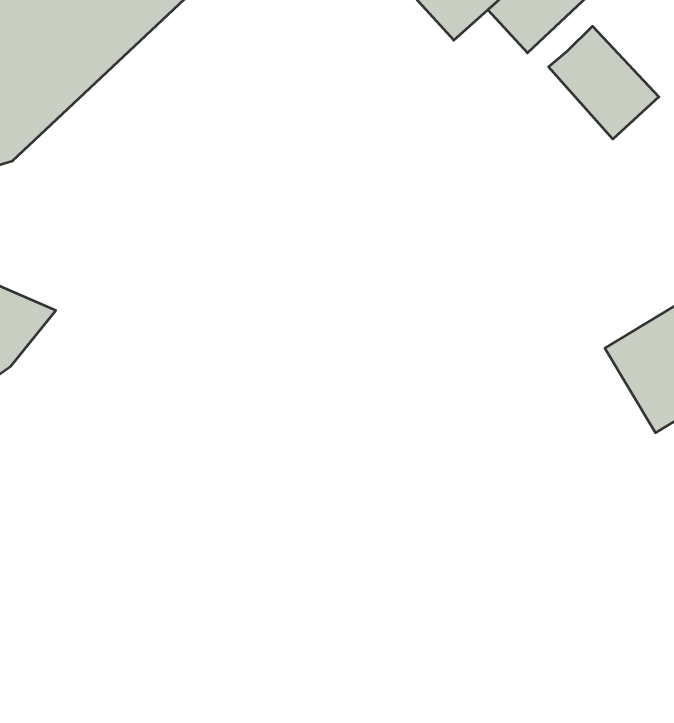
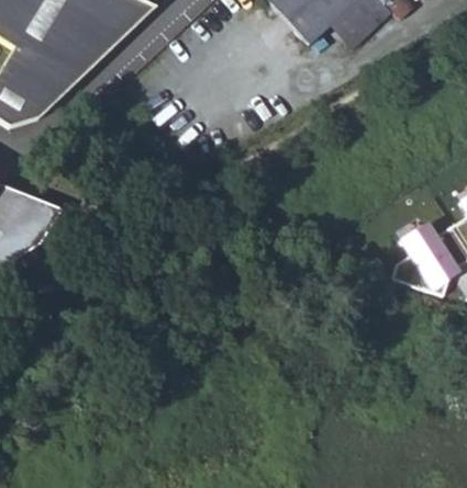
building: [549,26,659,139] -> none

